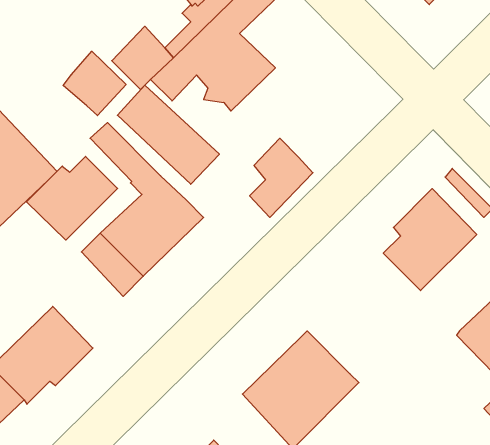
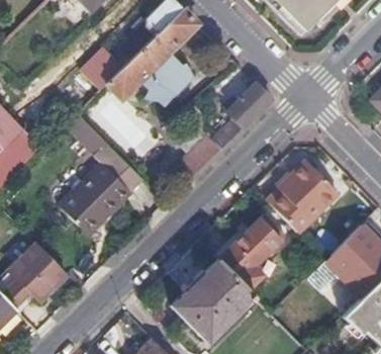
building: [63,51,126,116] -> none
building: none -> [211,83,273,150]
building: [26,156,118,240] -> none
building: none -> [217,214,284,291]

